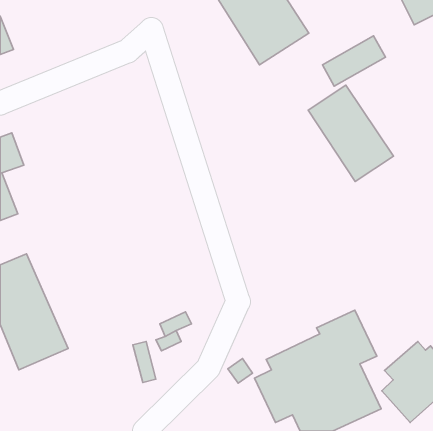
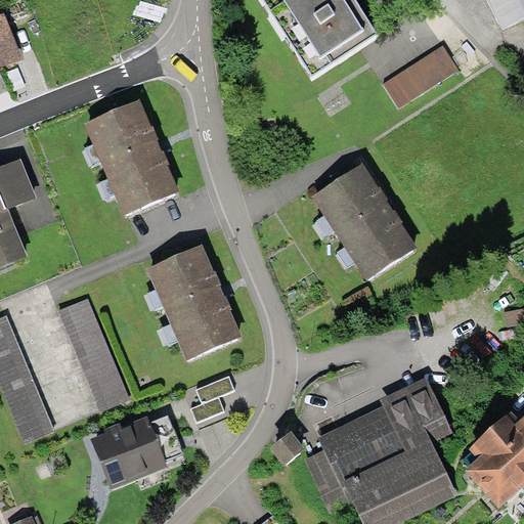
building: none -> [85,101,175,216]
building: [308,85,393,182] -> [312,165,414,280]
building: none -> [148,244,239,358]
building: none -> [57,297,130,412]
building: none -> [92,422,162,482]

